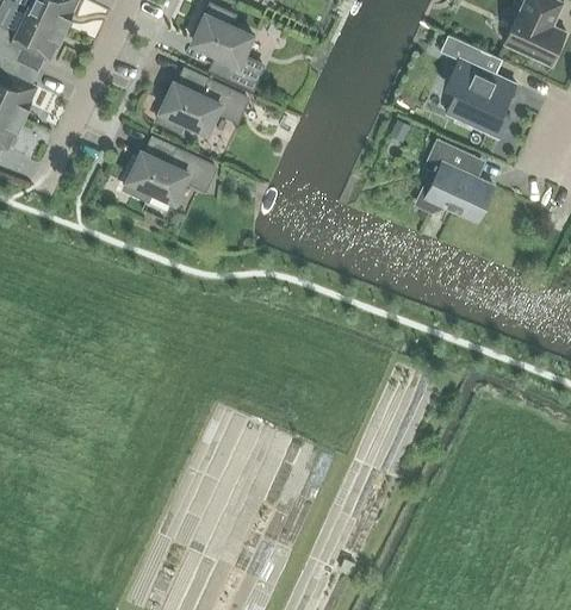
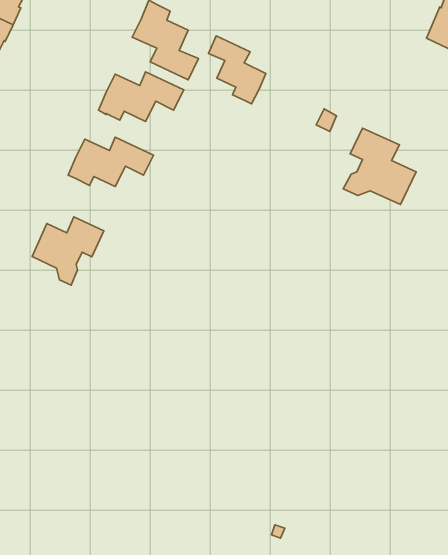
building: [440,35,516,138] -> none
building: none -> [208,36,266,104]
building: none -> [32,217,104,285]

